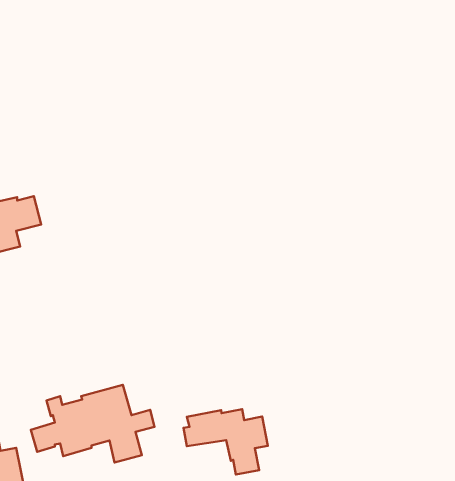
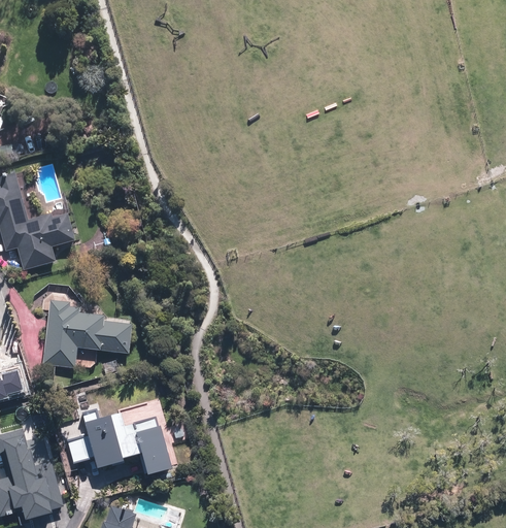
building: none -> [42,300,132,368]
building: [183,409,268,474] -> none

